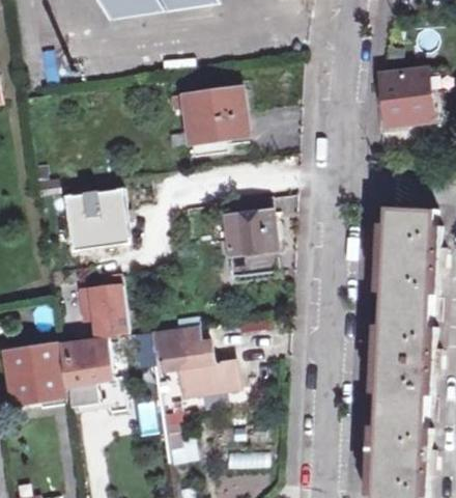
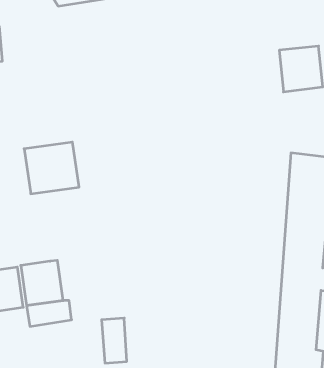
building: [168,88,247,142] -> none
building: [223,197,279,279] -> none
building: [78,275,125,337] -> none
building: [131,326,235,395] -> none

